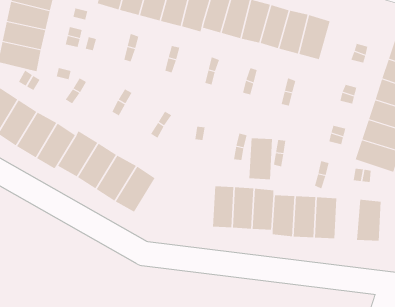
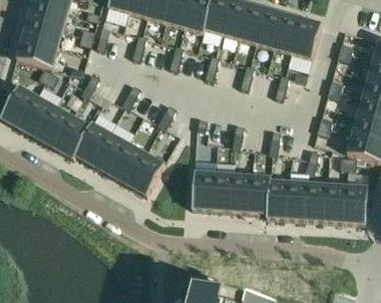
building: [249,138,273,180] -> [194,171,216,209]
building: none -> [325,183,347,221]

